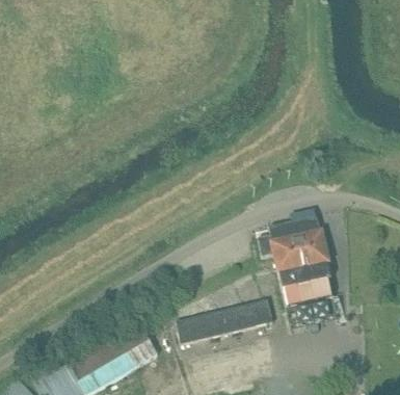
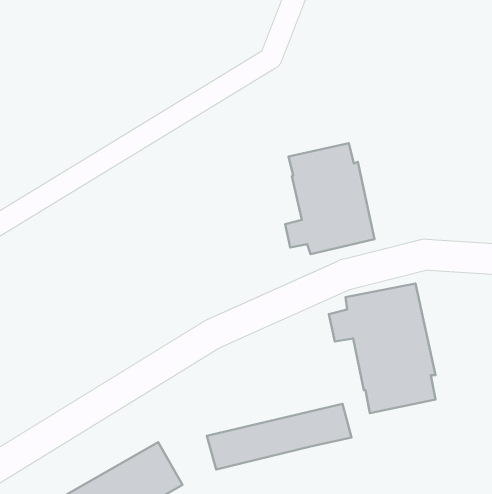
building: none -> [285,143,375,254]

